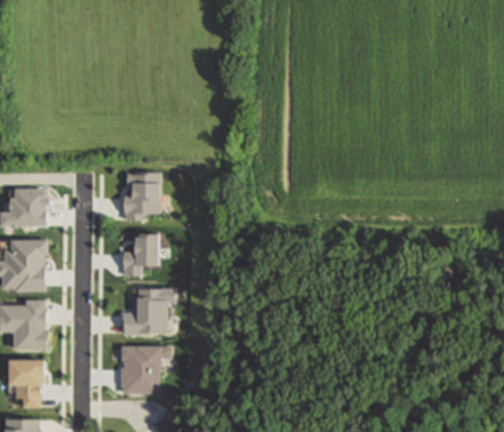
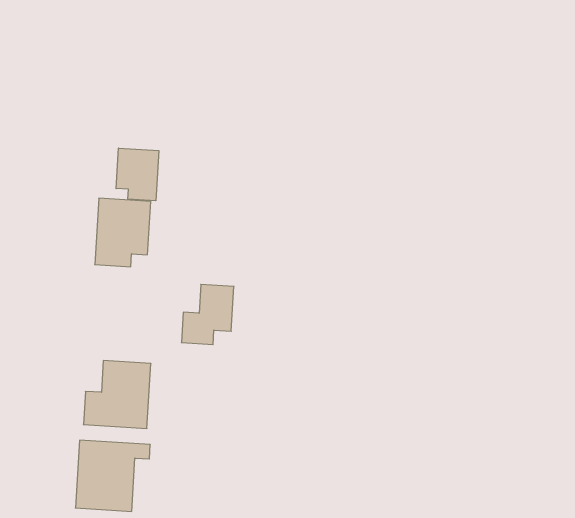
building: none -> [116,148,159,201]
building: [122,234,157,276] -> [181,284,234,345]

